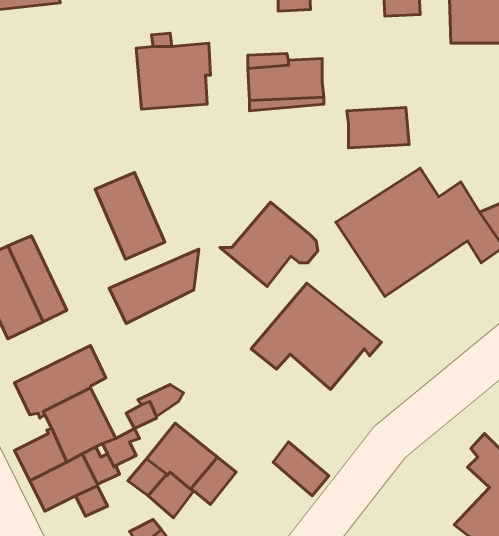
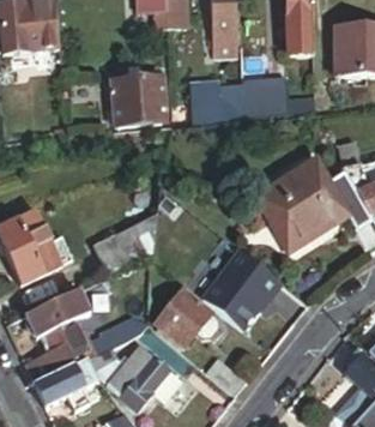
building: [347,107,409,148] -> [242,73,286,102]
building: [95,172,165,259] -> none
building: [220,202,318,286] -> [149,291,218,351]

